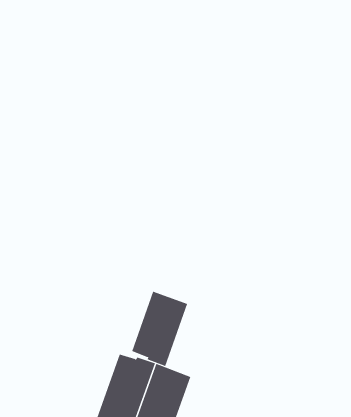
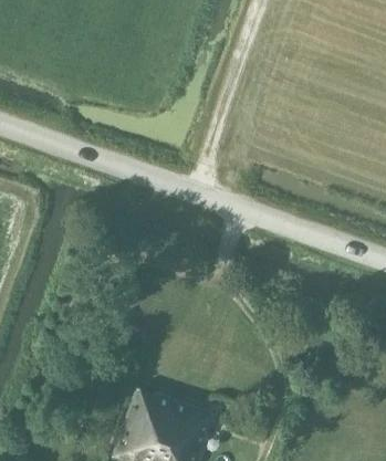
building: [131,291,188,367] -> none

